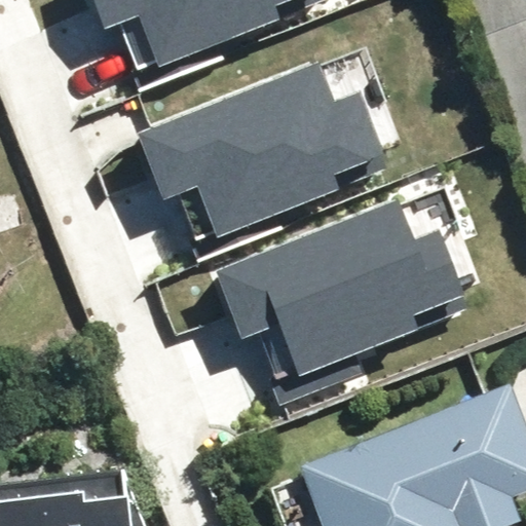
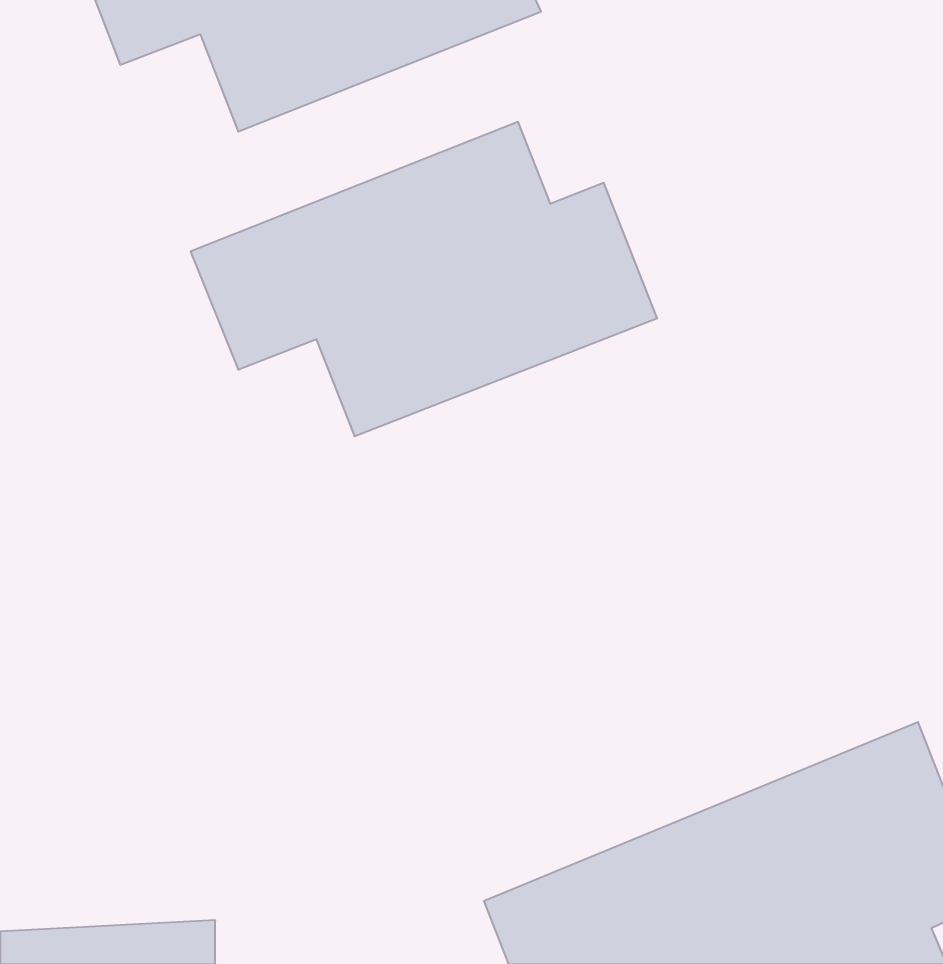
building: [191,219,413,385] -> none

